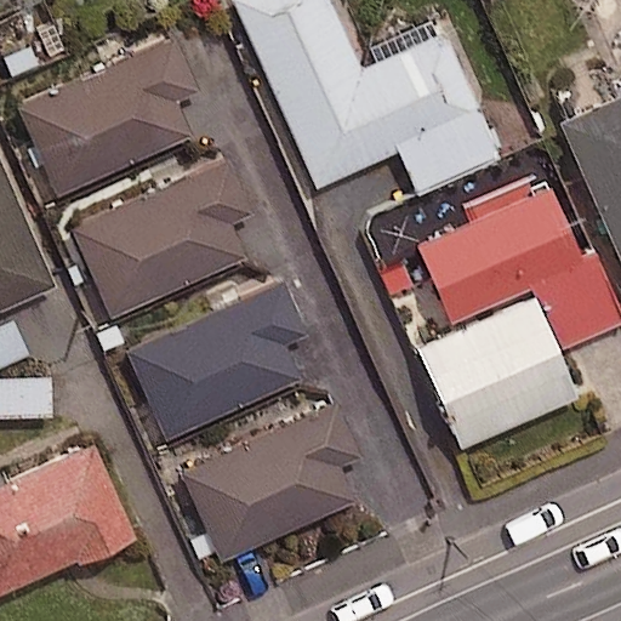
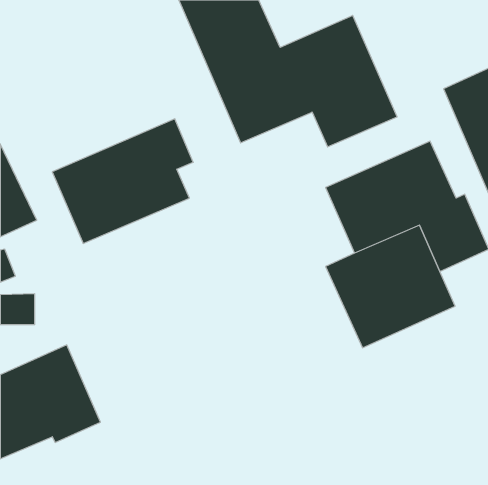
building: [19,41,194,195] -> none
building: [130,285,301,439] -> none
building: [182,403,357,560] -> none

